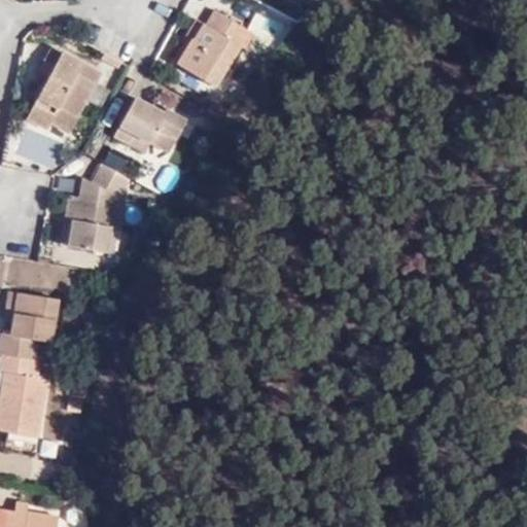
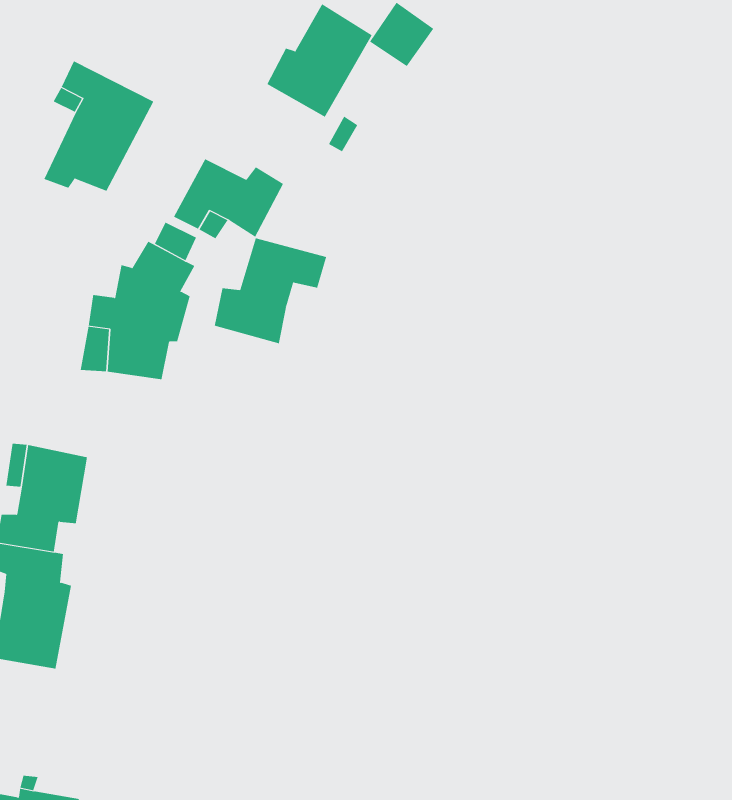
building: none -> [214,238,327,344]

